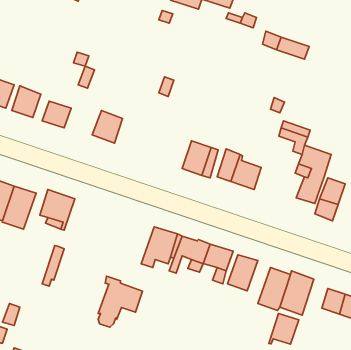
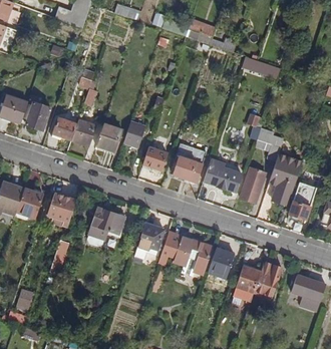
building: none -> [70,117,95,144]
building: none -> [122,120,145,146]
building: none -> [140,144,167,173]
building: none -> [240,168,265,204]
building: [98,276,143,327] -> [91,205,129,249]
building: [269,313,299,344] -> none

